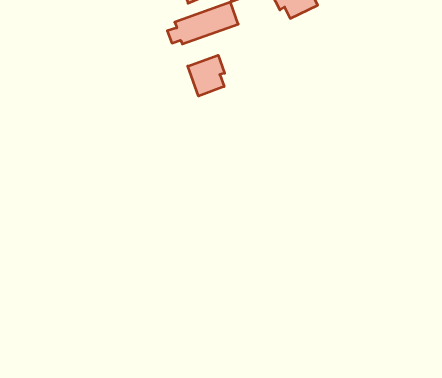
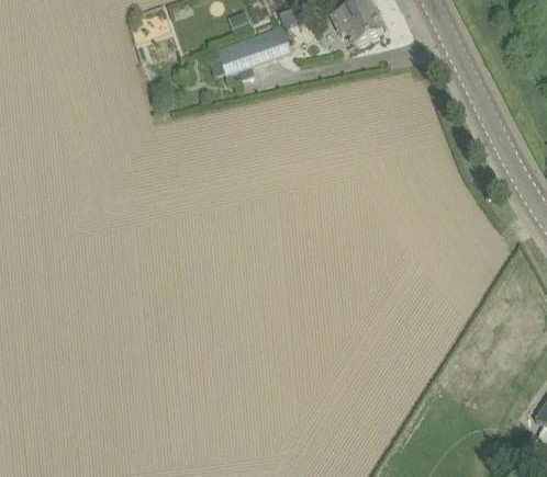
building: [188,55,225,96] -> none

